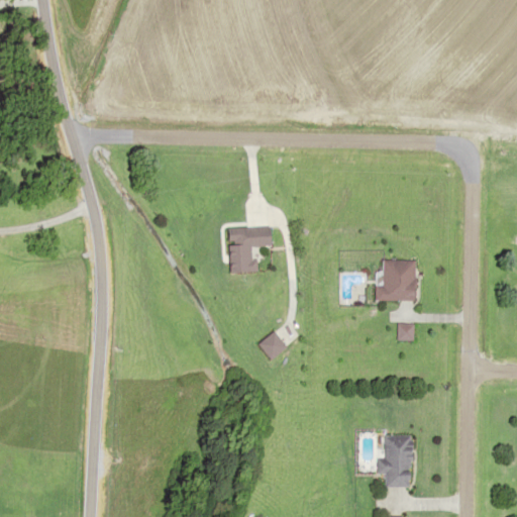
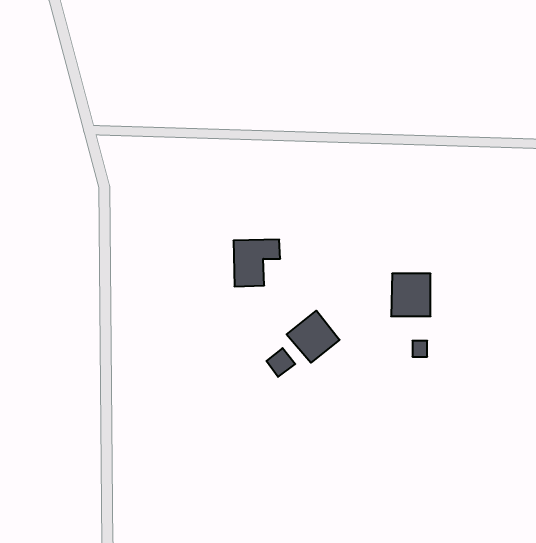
building: none -> [287,311,340,363]
building: [377,434,411,487] -> none

